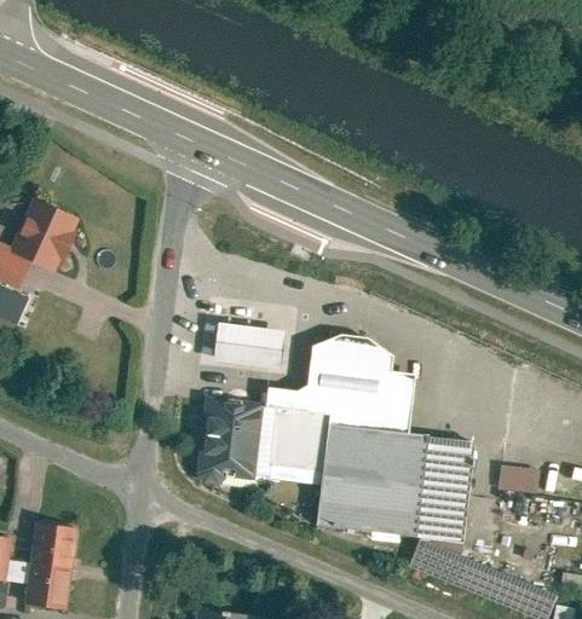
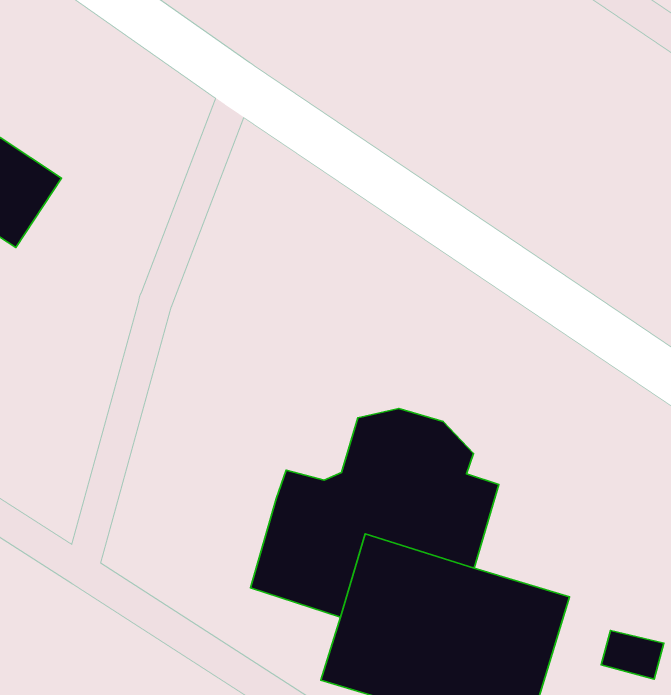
building: [208,322,282,371] -> none
building: [189,401,263,492] -> none

